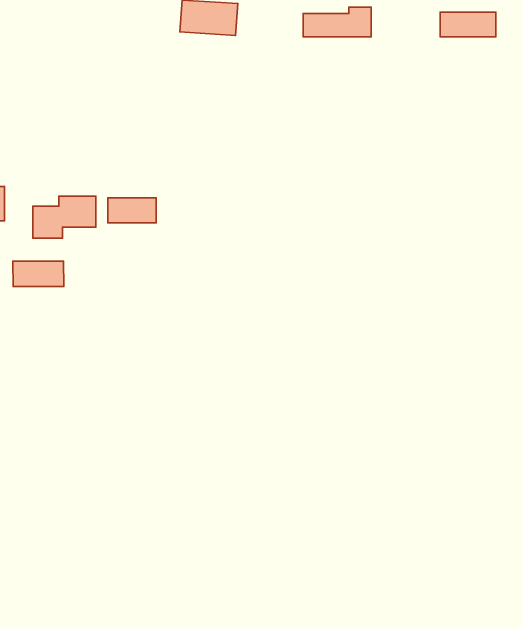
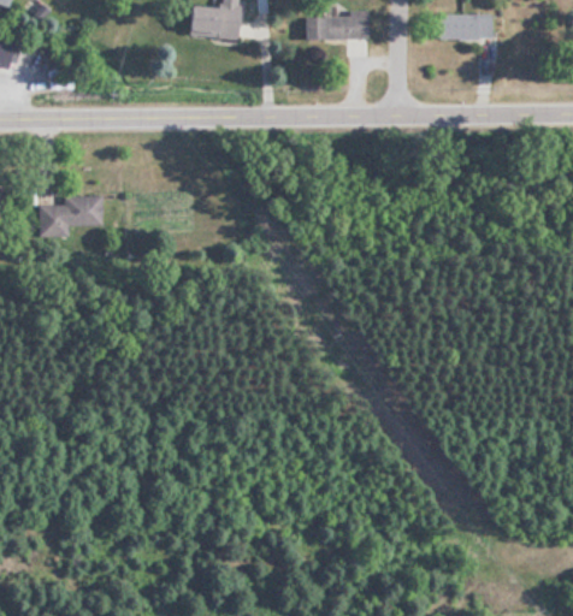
building: [108,198,156,223] -> none
building: [13,261,64,287] -> none

